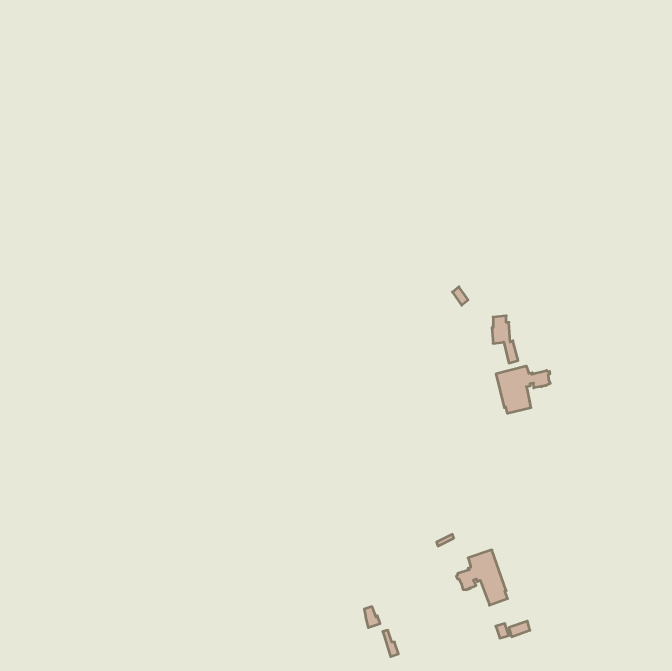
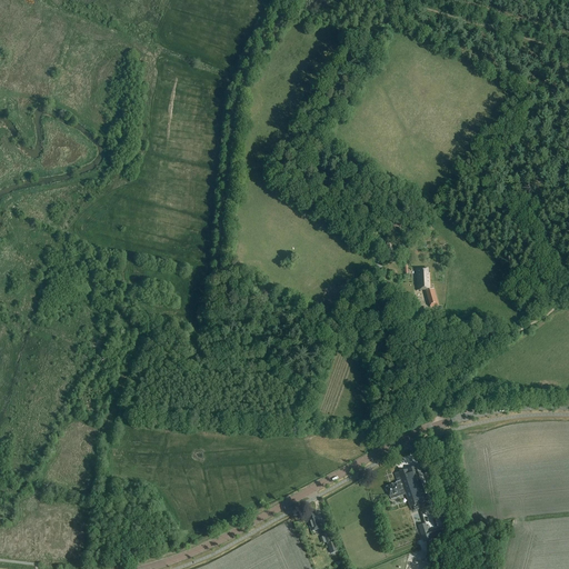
building: [496,366,550,413] -> none

